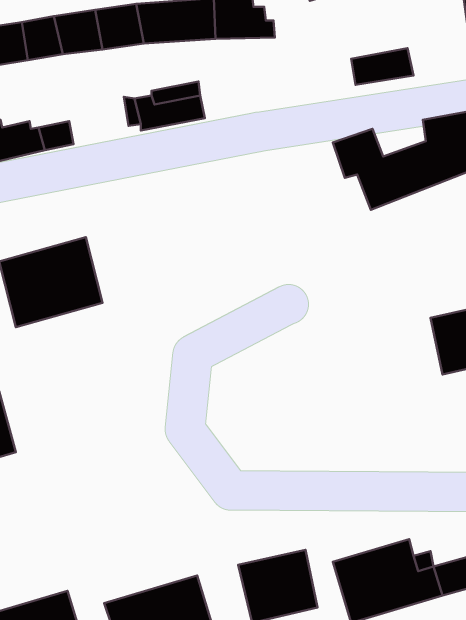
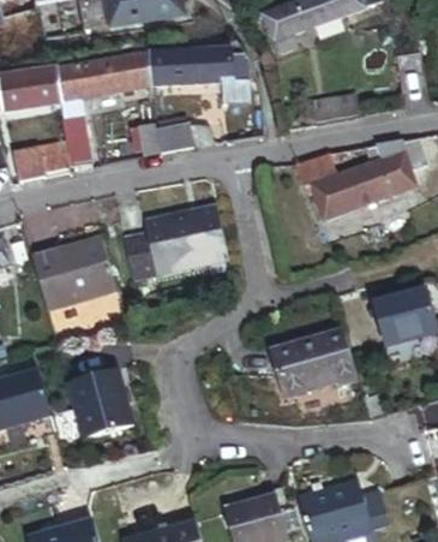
building: none -> [124,203,230,276]
building: none -> [275,327,356,392]
building: none -> [66,367,131,435]

